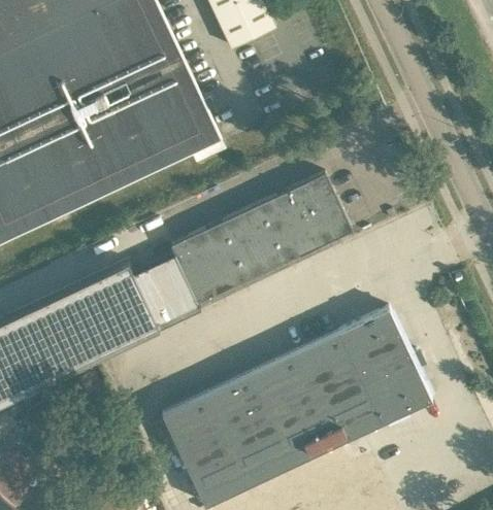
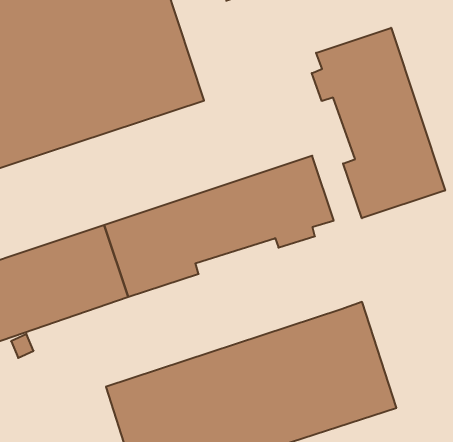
building: none -> [312,28,445,218]

